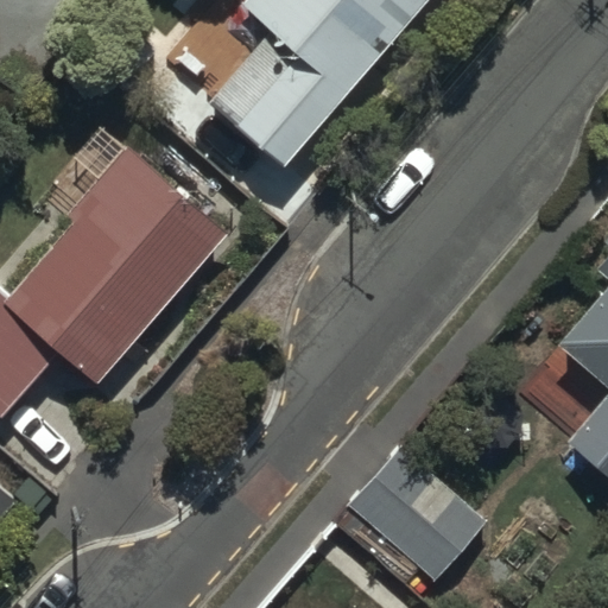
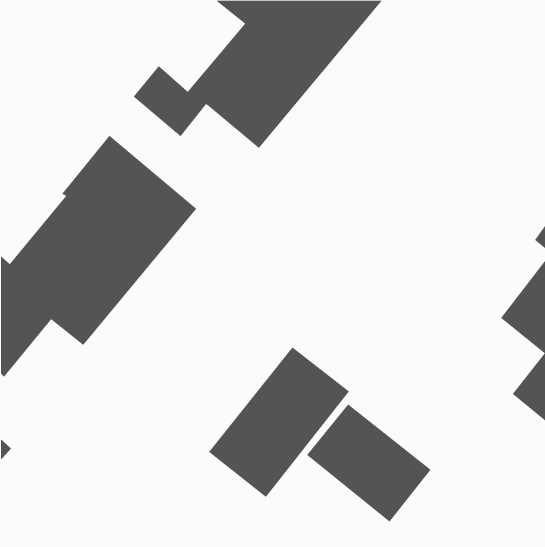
building: none -> [208,347,350,498]

